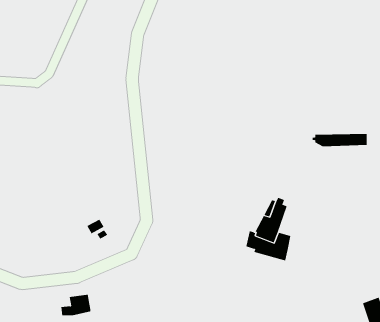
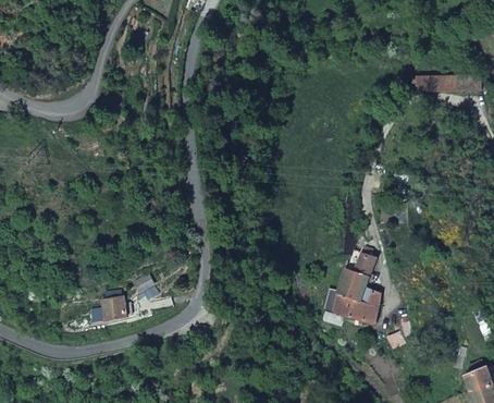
building: [312,133,367,147] -> [412,75,480,91]
building: [61,294,91,316] -> [90,295,127,321]

